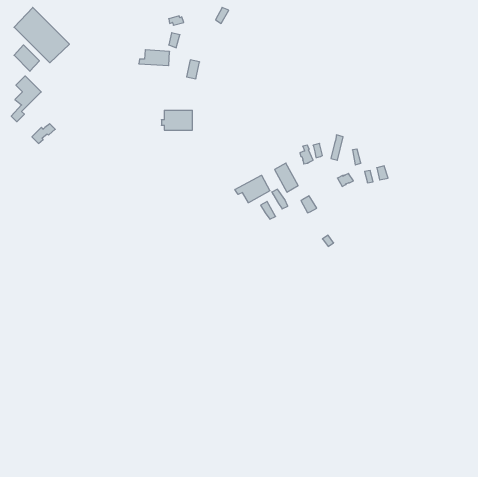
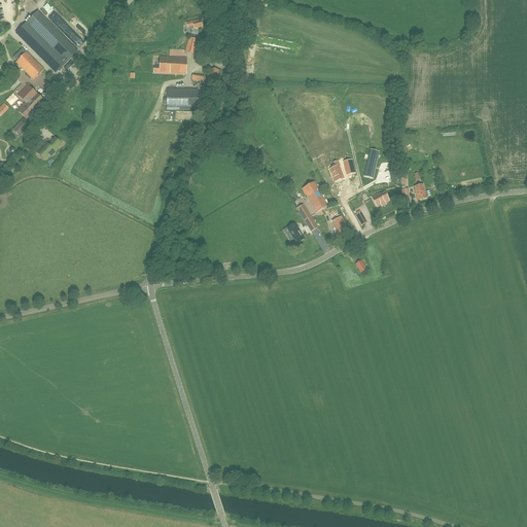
building: [161,110,192,130] -> [163,86,197,108]
building: [235,175,270,203] -> none

